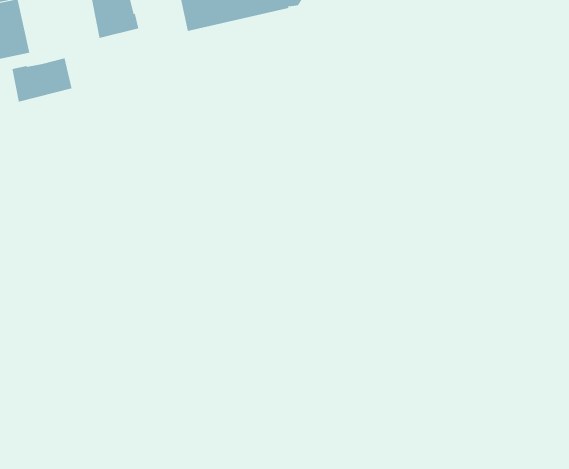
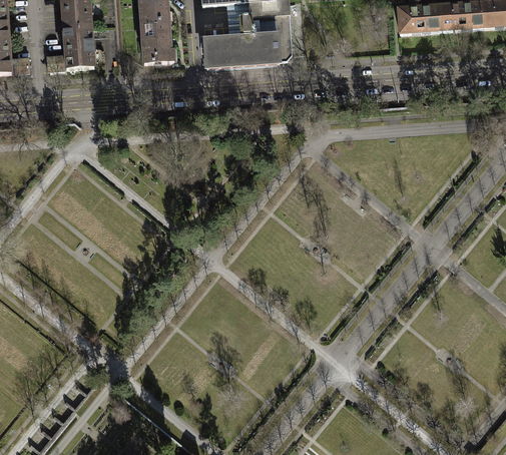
building: [12,58,72,102] -> none

